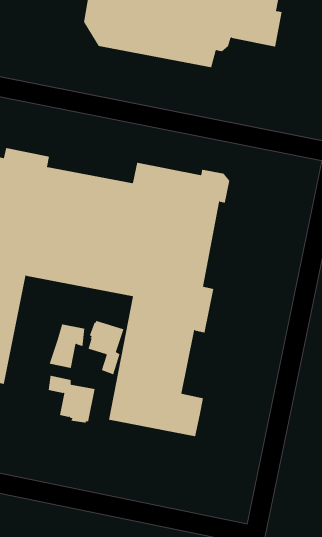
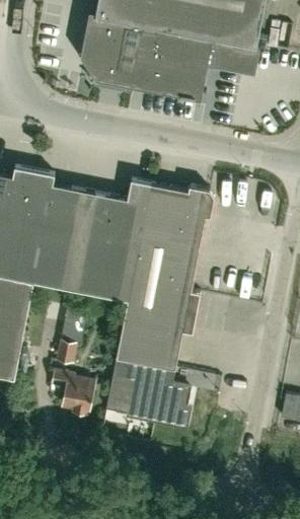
building: [88,320,124,375] -> none

